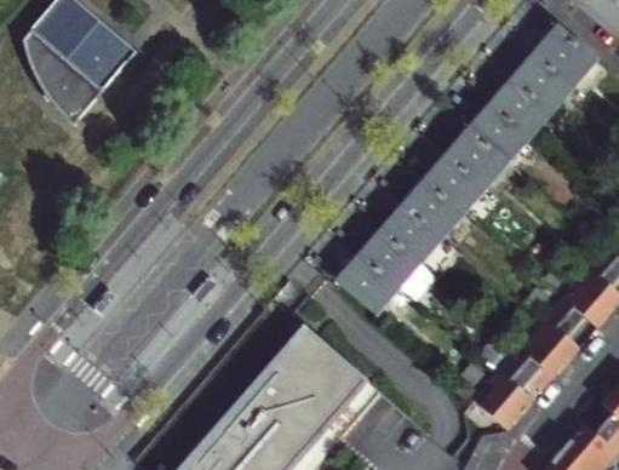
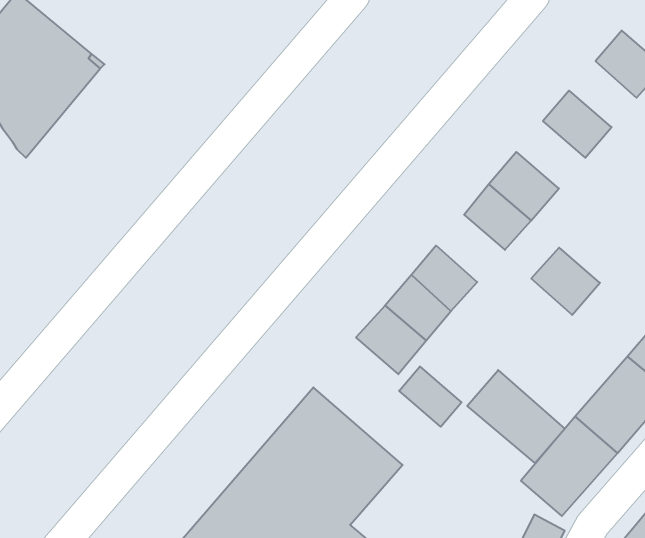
building: [516,52,572,107] -> none
building: [472,102,529,157] -> none
building: [406,179,463,235] -> [531,248,600,315]
building: none -> [399,366,462,427]
building: none -> [467,370,565,463]

